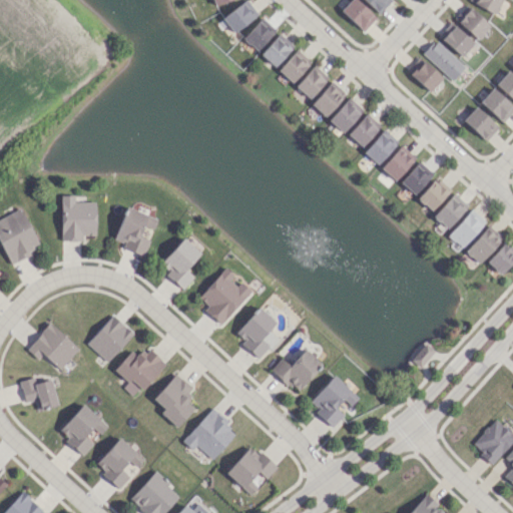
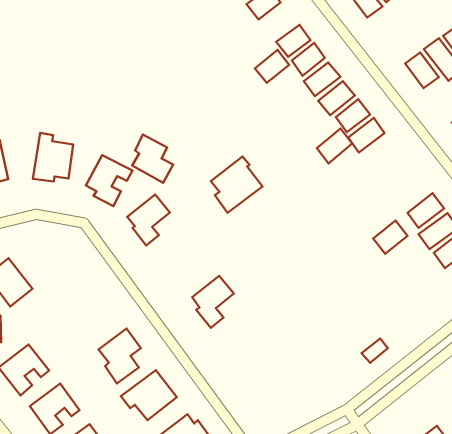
building: [262,33,295,67] -> [255,50,289,83]
building: [382,145,416,181] -> [317,128,352,163]
building: [401,161,434,195] -> none
building: [418,177,451,211] -> [373,221,407,254]
building: none -> [132,134,173,183]
building: [199,269,250,326] -> [211,157,262,213]
building: [87,316,134,363] -> none
building: [114,348,166,398] -> none
building: [272,350,323,394] -> none
building: [311,376,359,428] -> none

